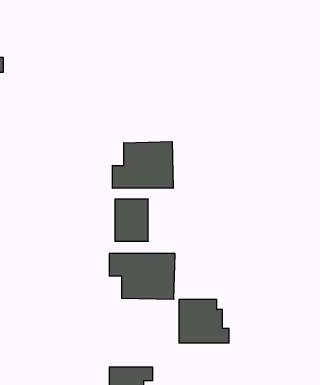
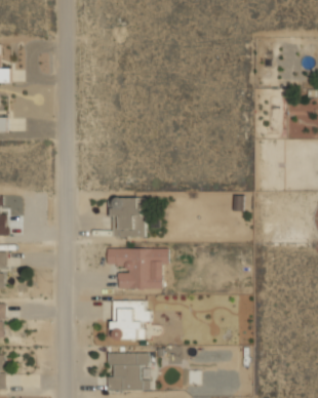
building: [112,142,173,188] -> none
building: [179,299,229,343] -> [111,301,157,341]

